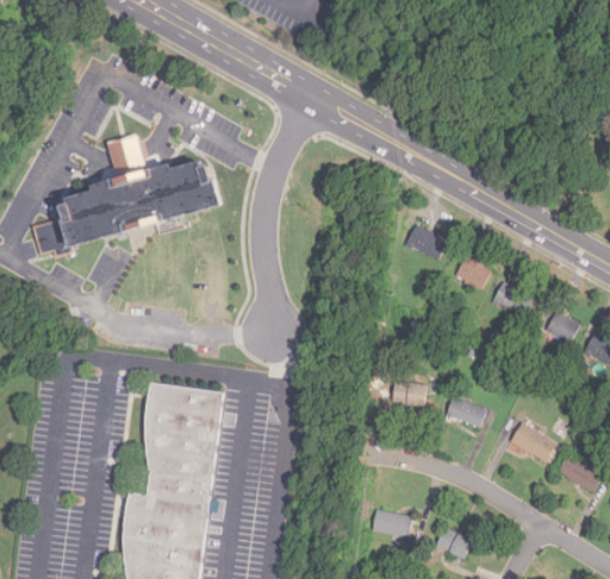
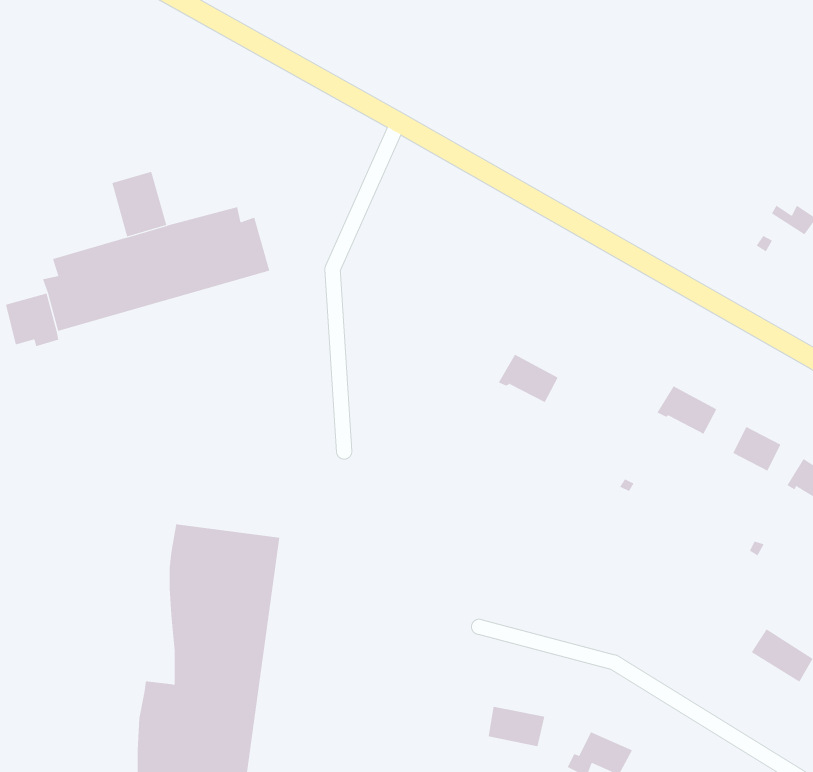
building: [404,226,447,261] -> [498,354,559,403]
building: [455,257,491,291] -> none
building: [392,384,427,407] -> none
building: [446,398,486,429] -> none
building: [510,424,555,463] -> none

